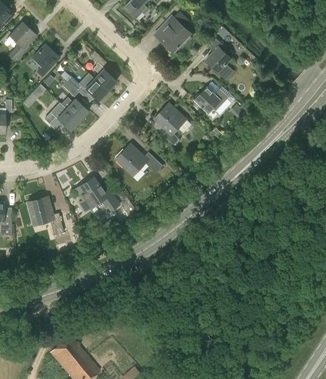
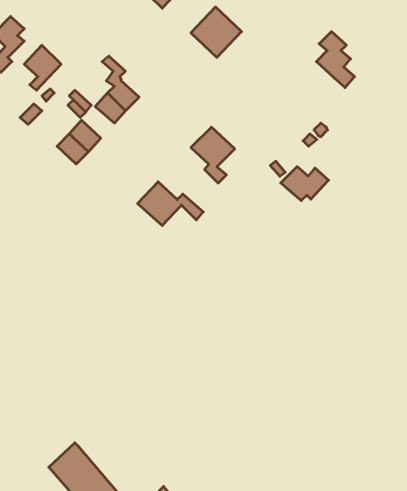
building: [205,38,233,79] -> [316,32,355,88]
building: [194,87,229,112] -> [281,167,329,201]
building: [75,176,119,211] -> none
building: [26,196,63,234] -> none

